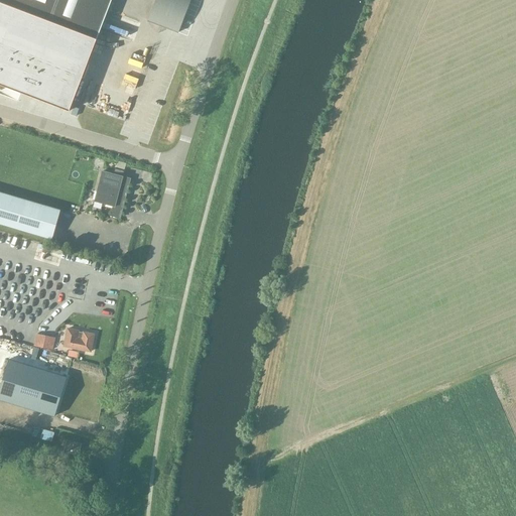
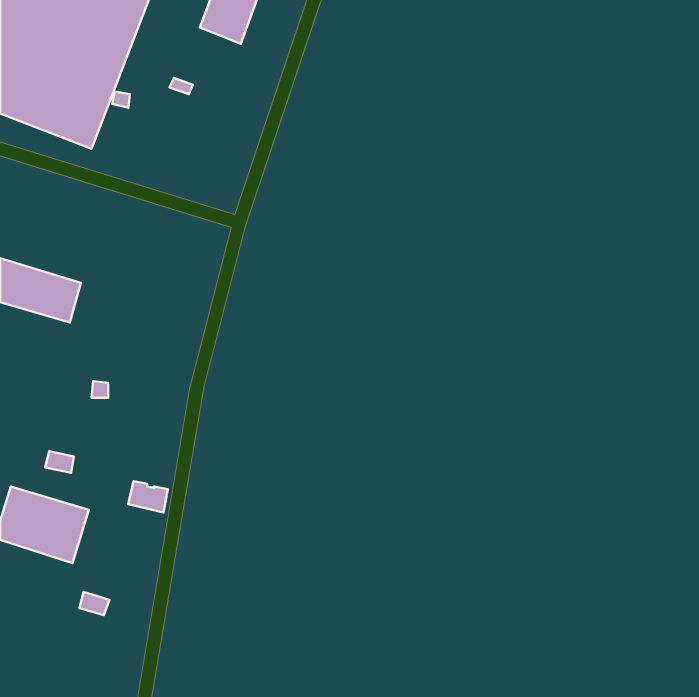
building: [94,168,129,216] -> none
building: [63,328,93,351] -> [128,481,168,513]

